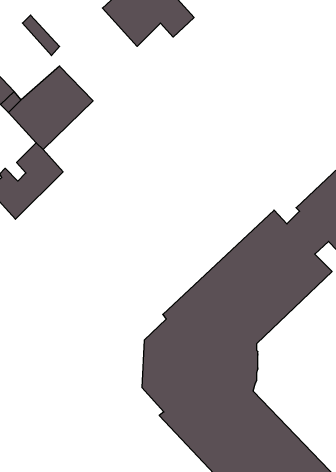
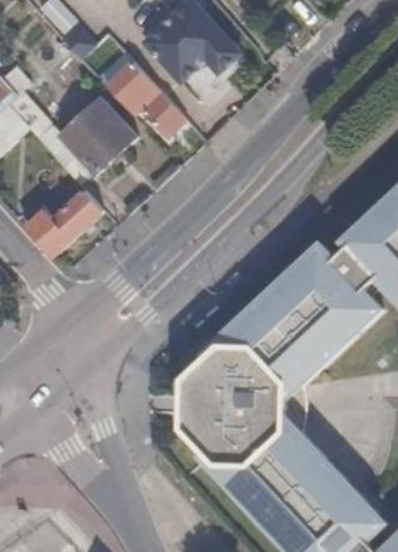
building: none -> [101,53,181,130]

